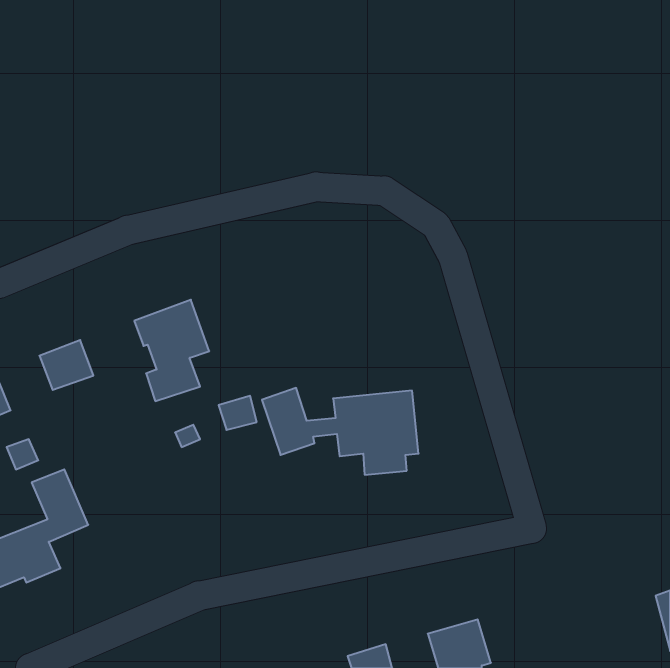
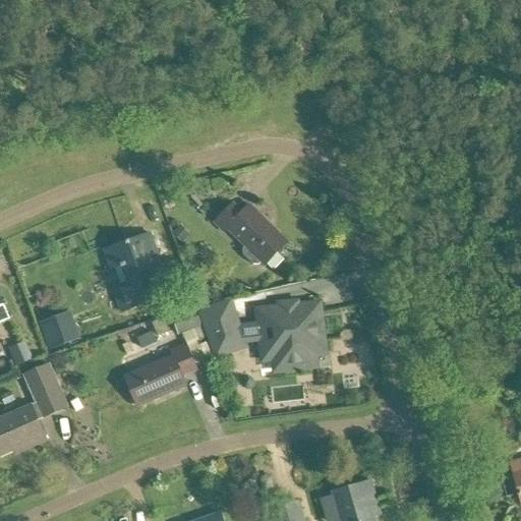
building: none -> [214,200,286,263]
building: [39,340,93,390] -> [37,309,78,348]
building: none -> [124,344,195,404]

